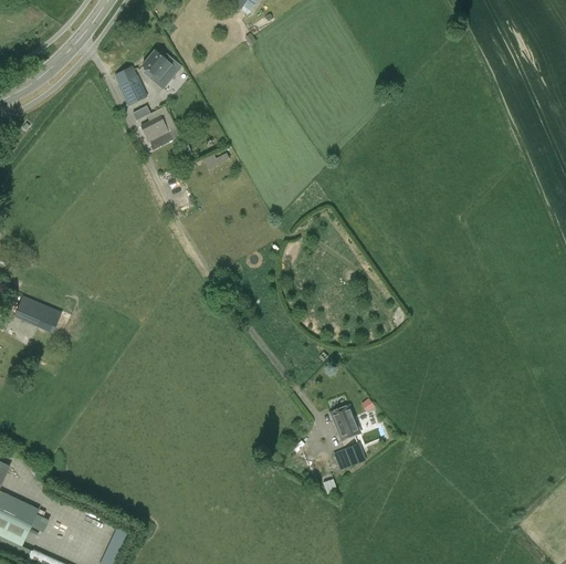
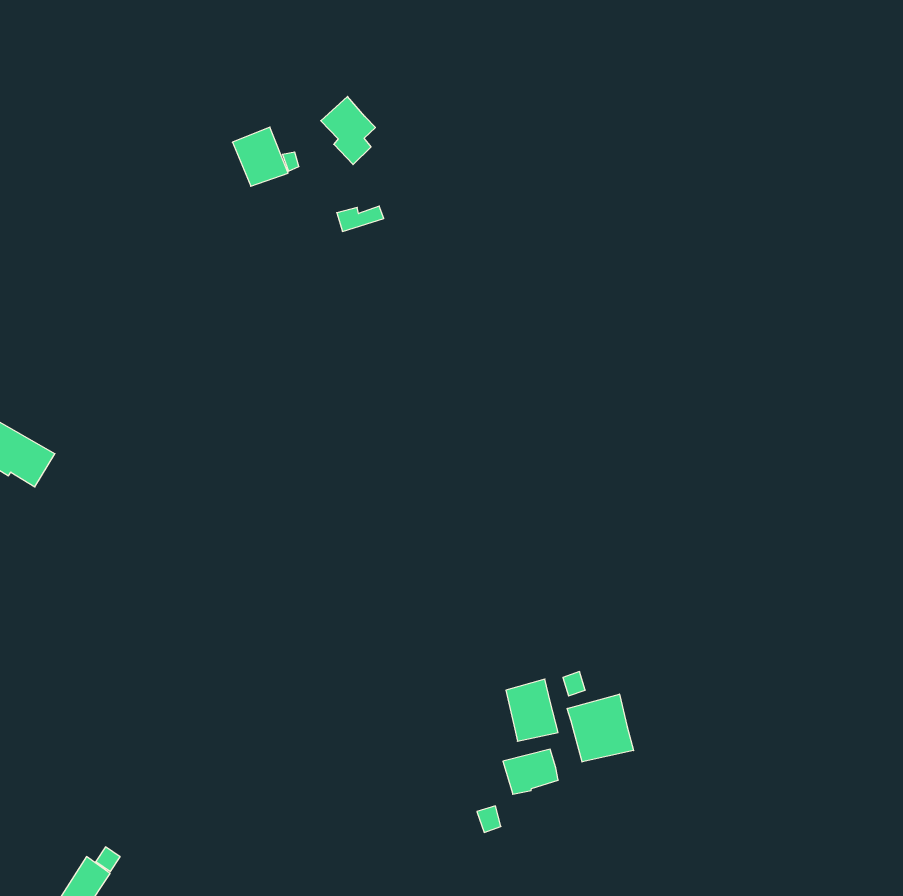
building: [142,50,172,87] -> [321,96,375,165]
building: [114,65,147,105] -> none
building: none -> [567,694,634,762]

